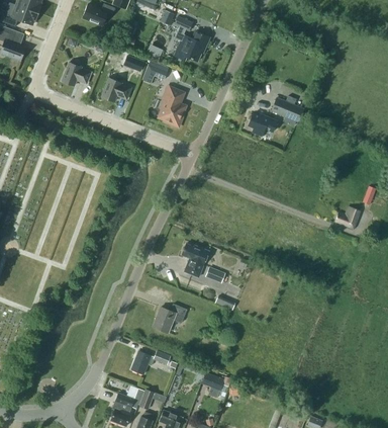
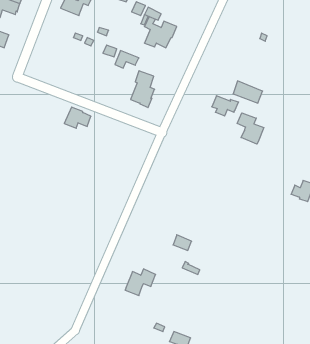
building: [62,62,91,86] -> none
building: [101,78,130,101] -> [64,107,91,128]
building: none -> [237,113,264,144]
building: [181,243,209,277] -> none
building: [130,351,170,374] -> none

